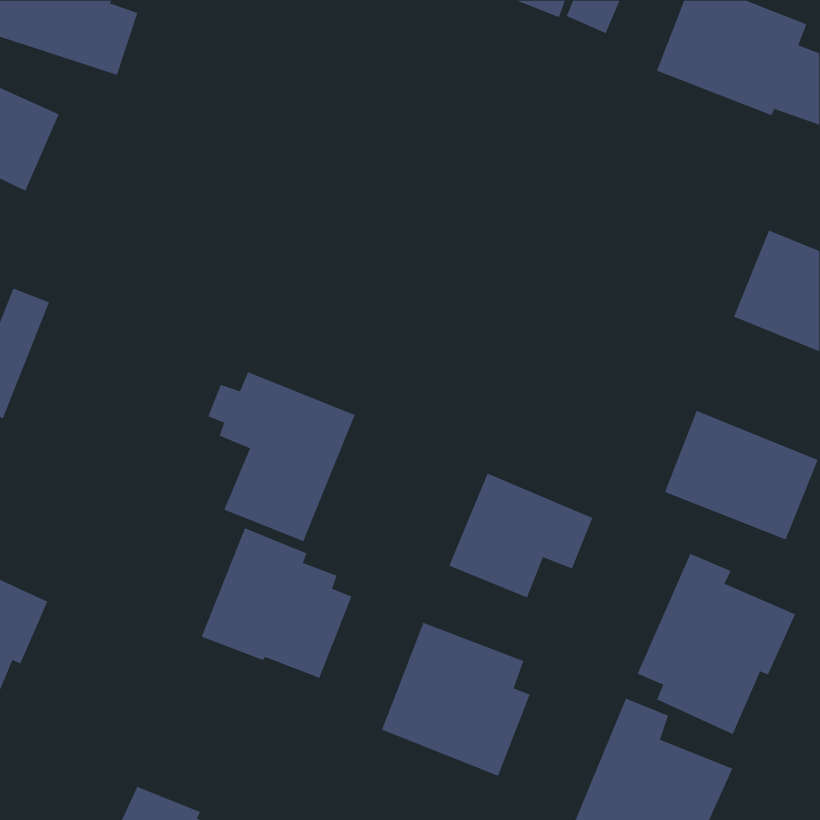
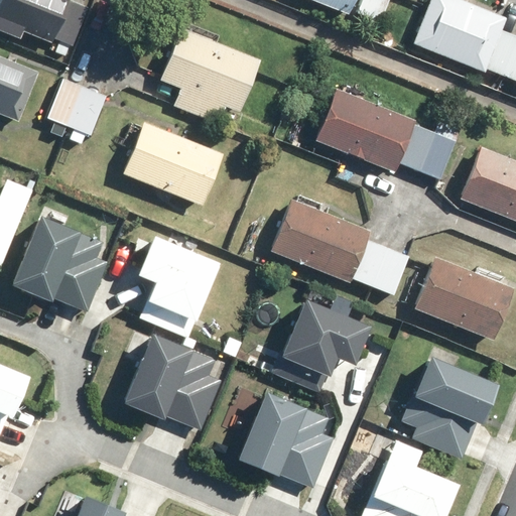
building: none -> [158,27,261,129]
building: none -> [47,79,108,146]
building: none -> [314,89,455,179]
building: none -> [122,120,225,205]
building: none -> [267,198,408,295]
building: none -> [11,214,109,310]

